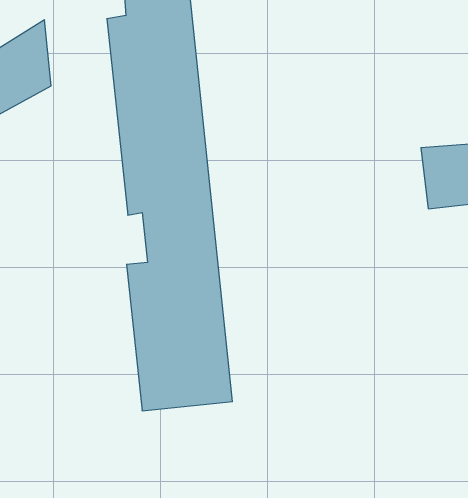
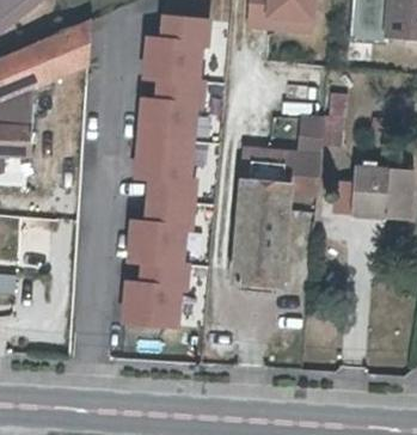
building: none -> [238,121,327,288]

